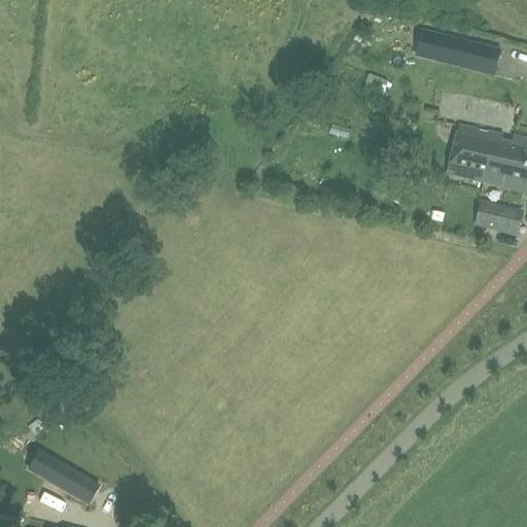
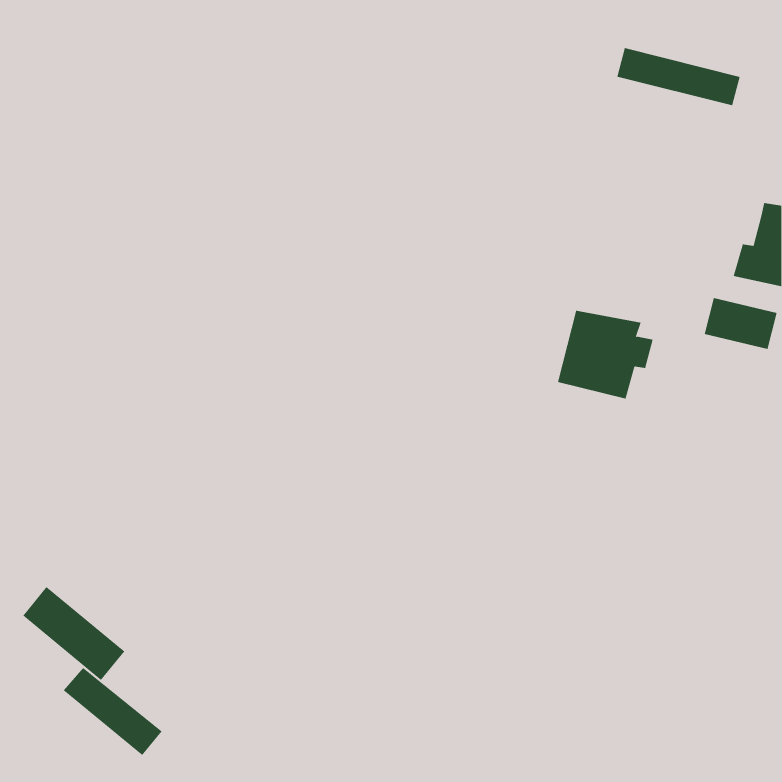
building: [446,126,511,185] -> [557,310,654,399]
building: none -> [22,586,125,681]

